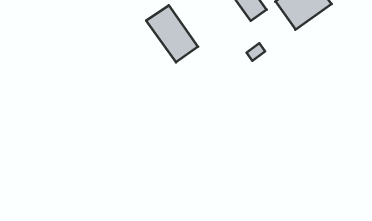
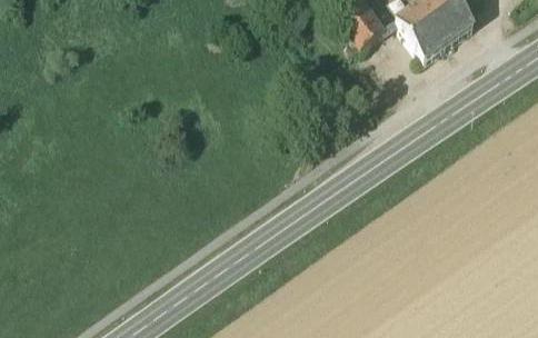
building: [146,5,198,62] -> none

